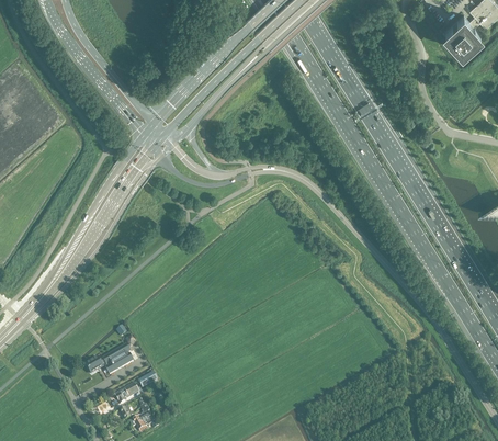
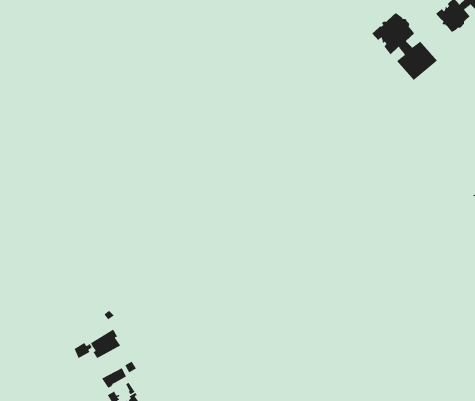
building: none -> [372,12,438,81]

